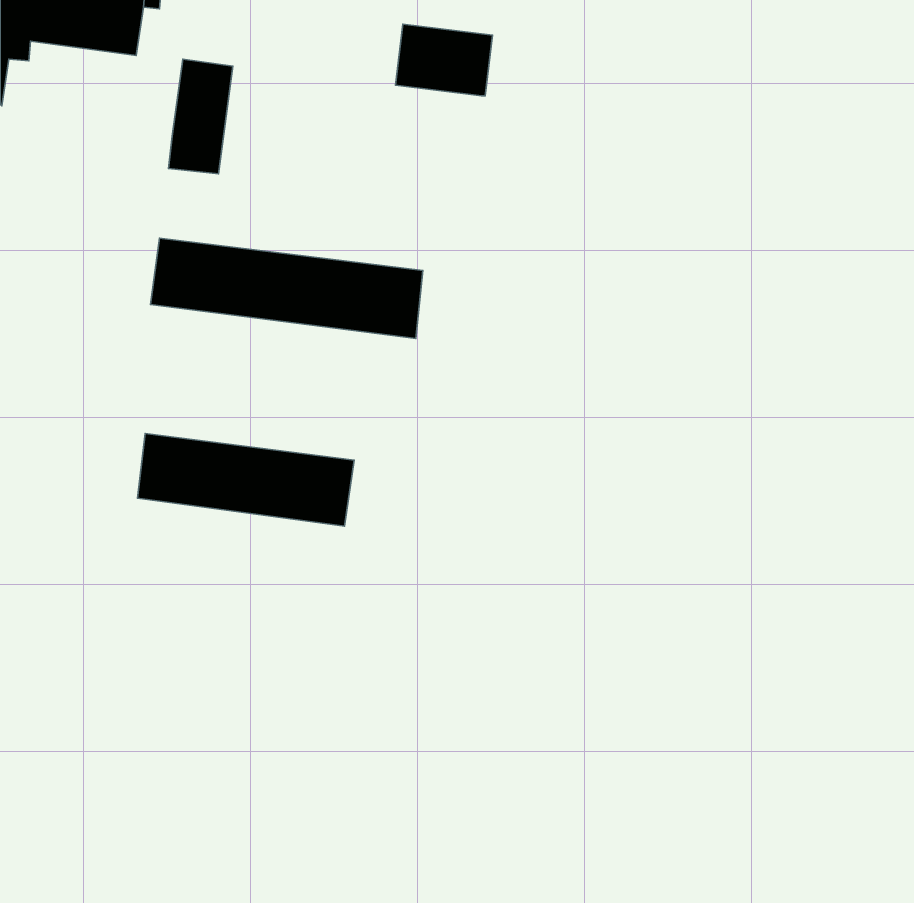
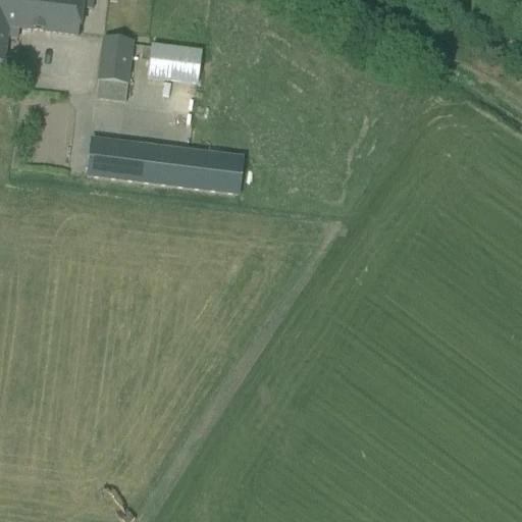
building: [396,24,492,96] -> [147,41,202,82]
building: [137,434,354,526] -> none

